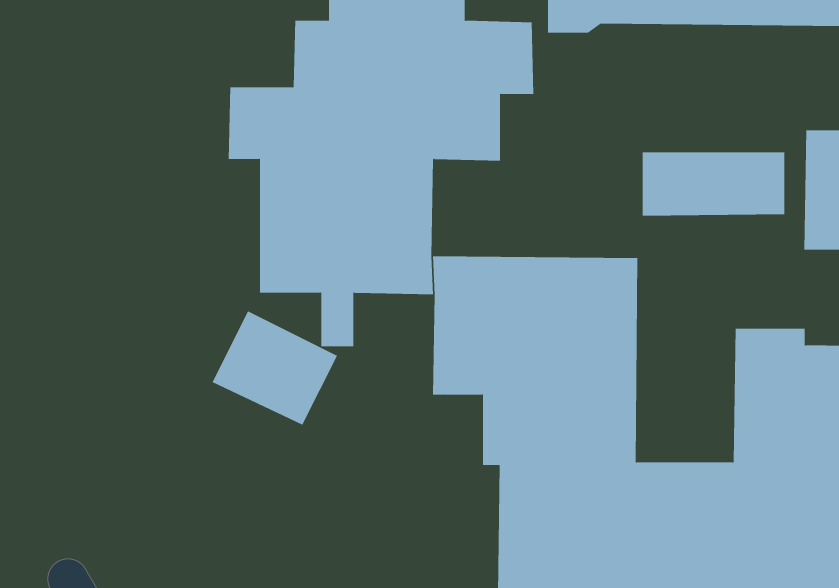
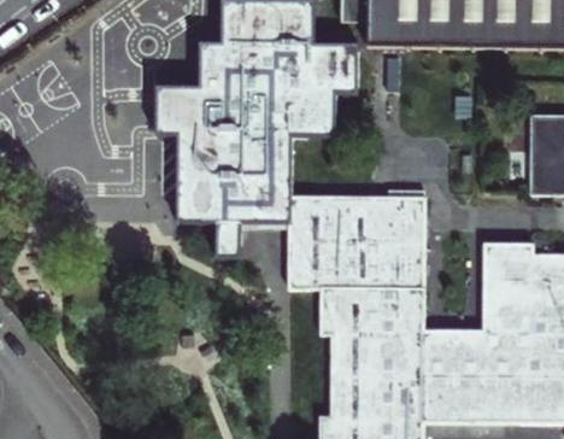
building: [642,152,785,217] -> none
building: [212,311,338,425] -> none

